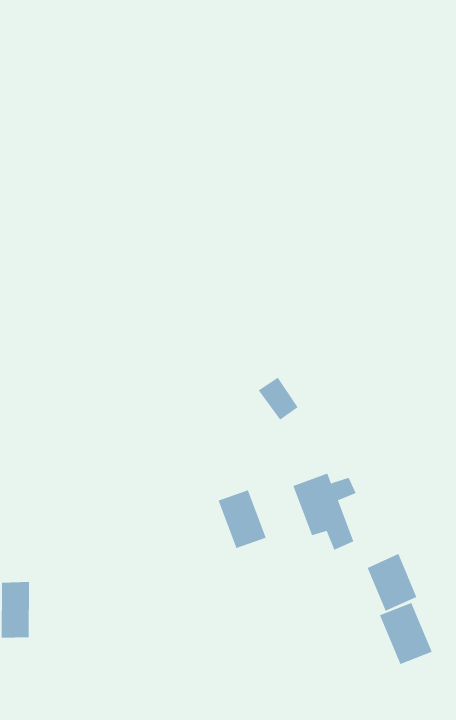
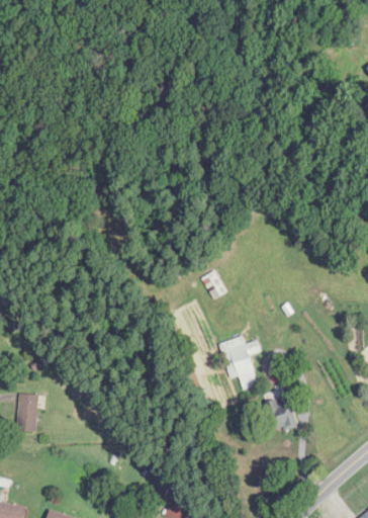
building: [218,490,267,549] -> none
building: [379,602,433,665] -> none

